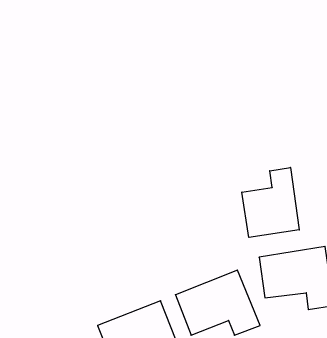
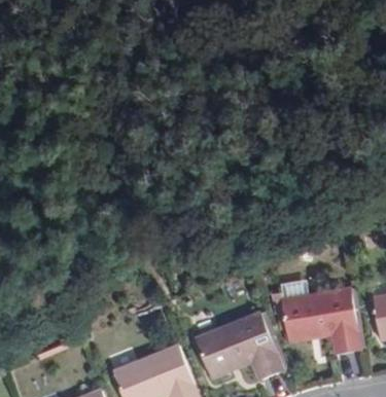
building: [242,167,299,237] -> none

